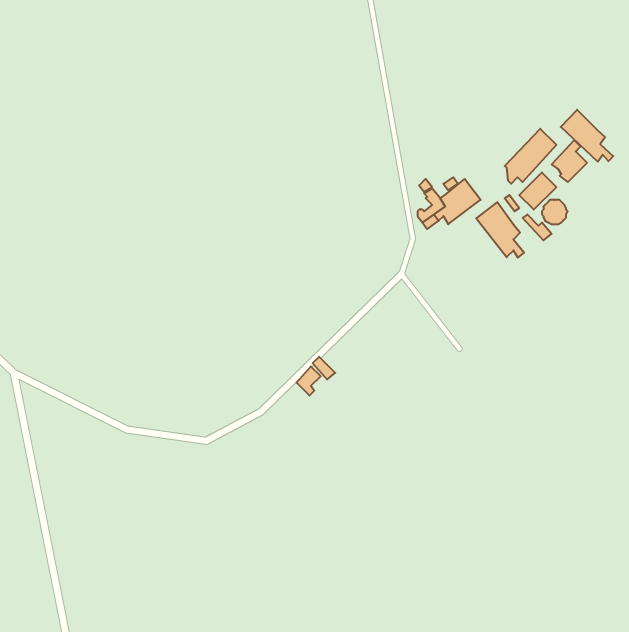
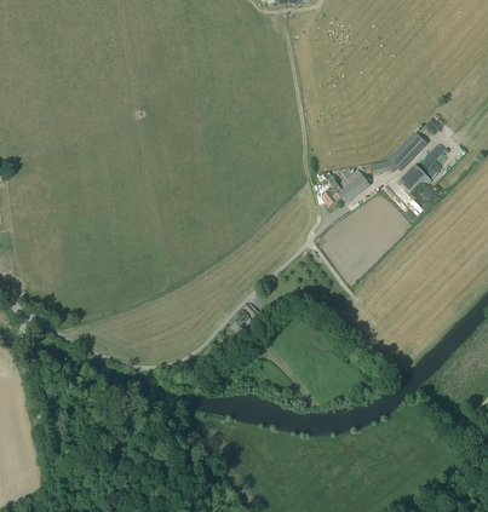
building: [561,110,613,162] -> none
building: [476,202,524,258] -> none

